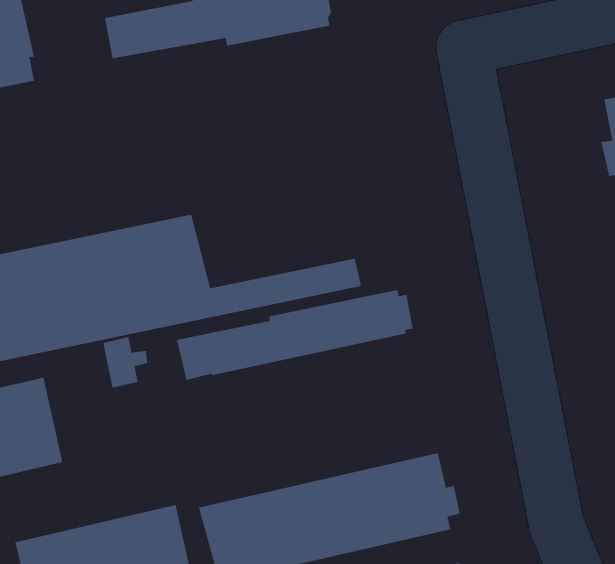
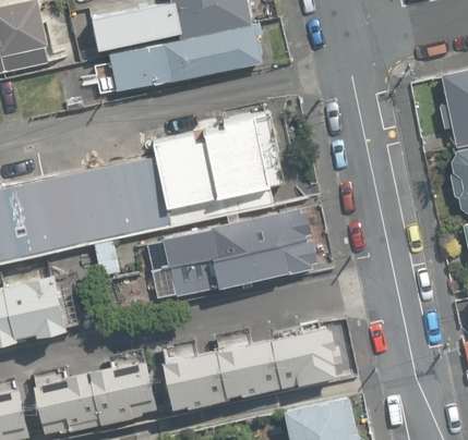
building: none -> [111,24,265,93]
building: none -> [155,114,284,208]
building: none -> [154,240,321,302]

